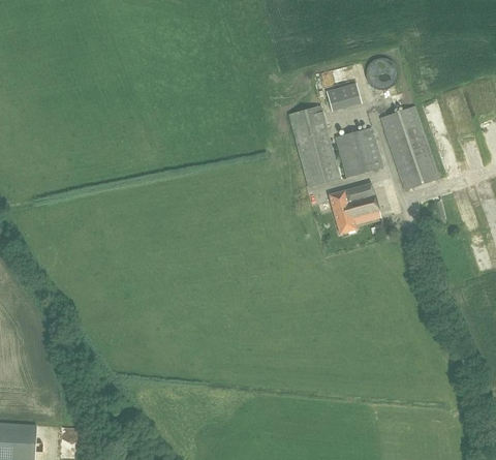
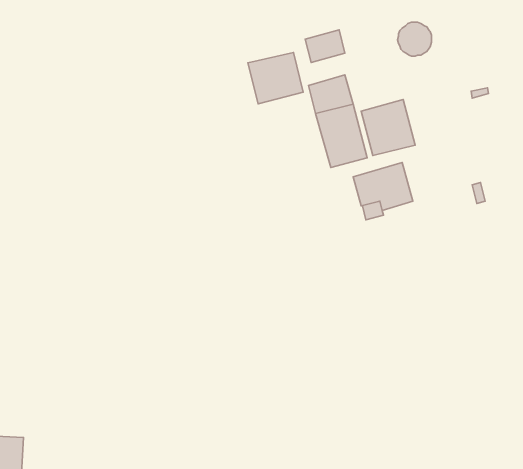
building: [326,82,361,111] -> [305,30,345,62]
building: none -> [248,52,303,104]
building: [380,104,439,189] -> none

